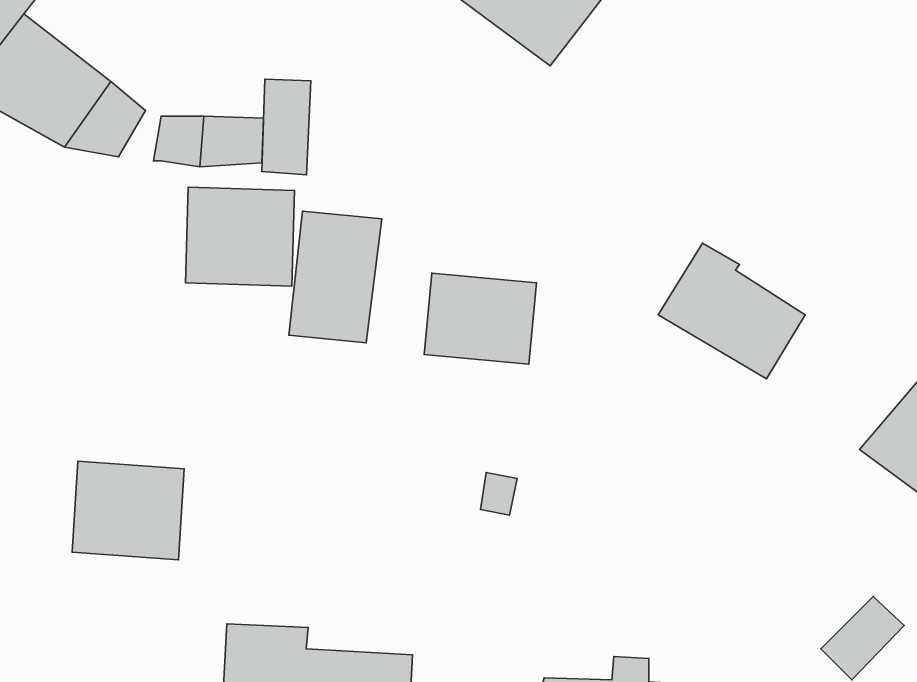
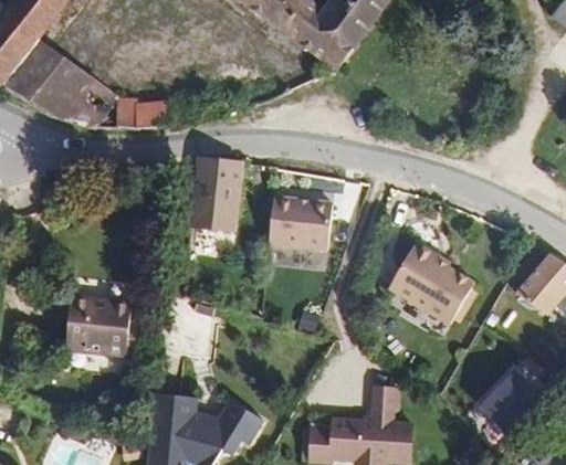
building: [262,79,311,175] -> none
building: [185,187,295,286] -> none
building: [658,243,805,379] -> [387,243,471,320]

